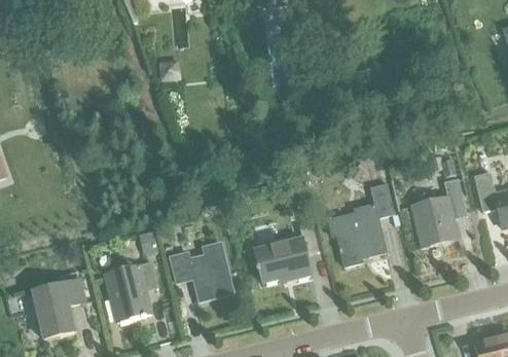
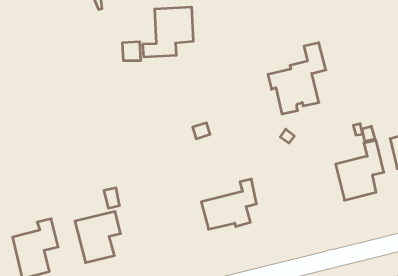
building: none -> [143,7,193,57]
building: [327,182,395,265] -> [268,43,326,114]
building: [170,243,233,301] -> none

